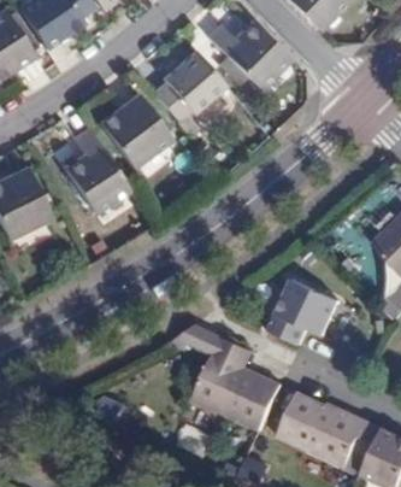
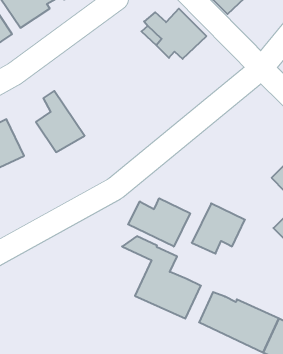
building: [152,52,224,121] -> none
building: [96,95,169,166] -> none
building: none -> [128,198,190,247]

